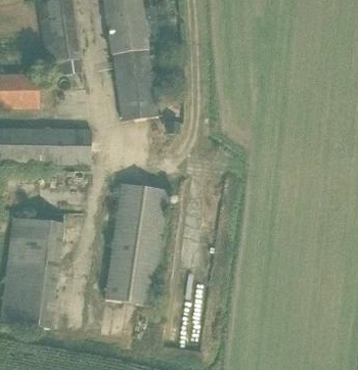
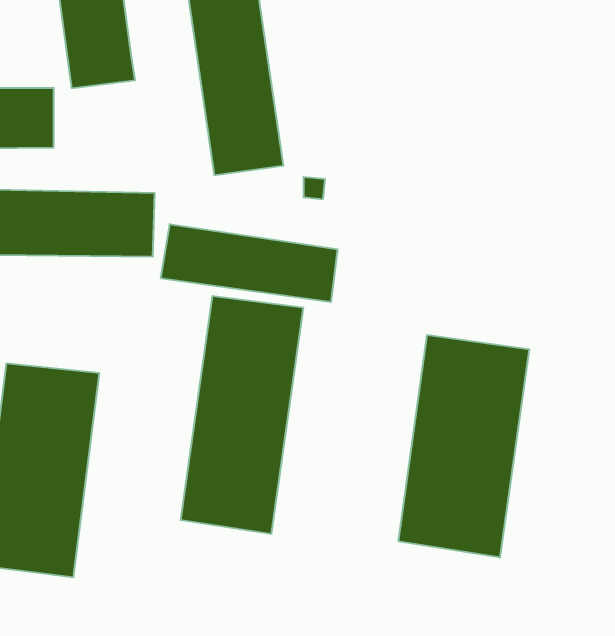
building: none -> [161,224,338,302]
building: none -> [399,335,529,558]

